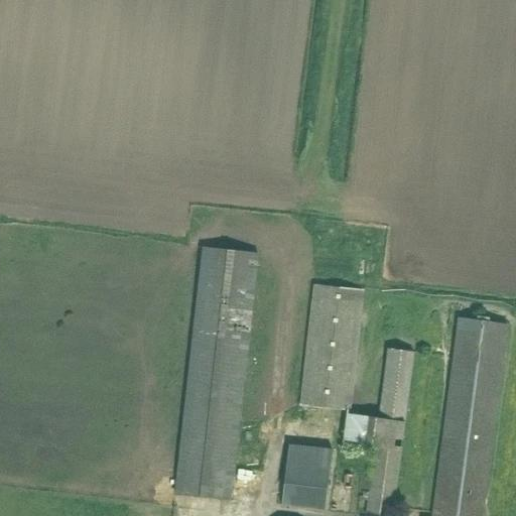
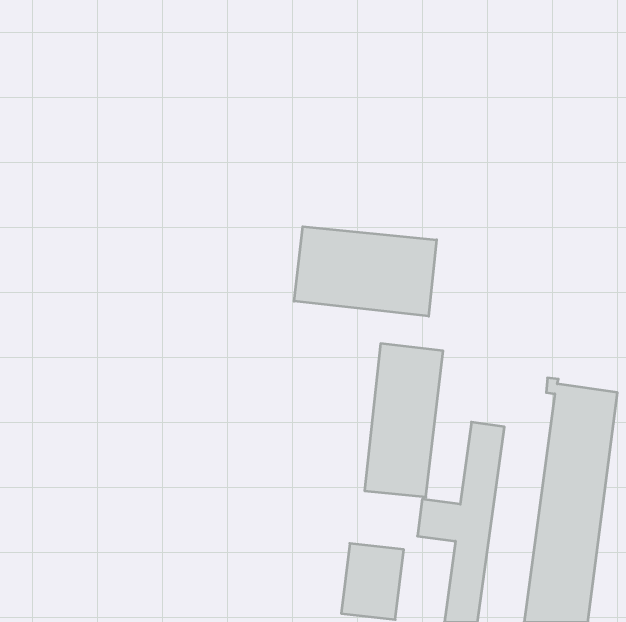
building: none -> [294,227,437,316]
building: [176,246,258,498] -> none

